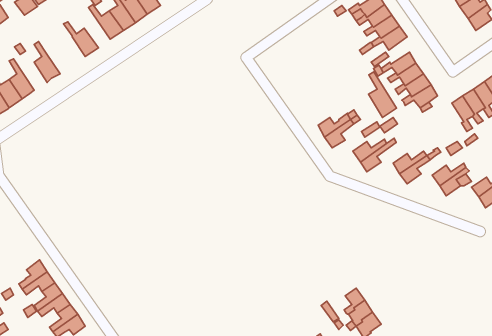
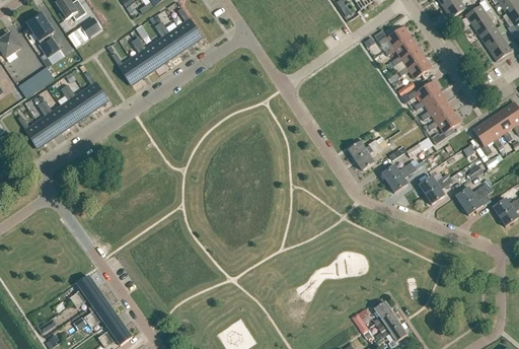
building: none -> [131,39,155,76]
building: none -> [65,83,96,116]
building: [369,72,397,117] -> none

